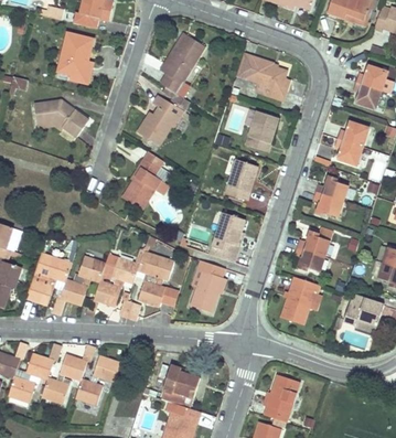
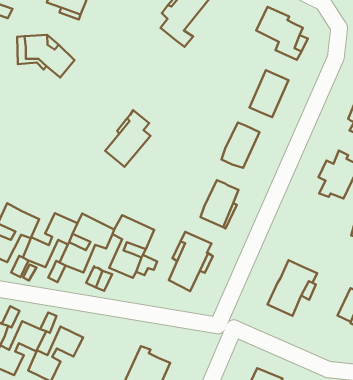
building: [137,93,189,145] -> none
building: [296,227,333,271] -> none

